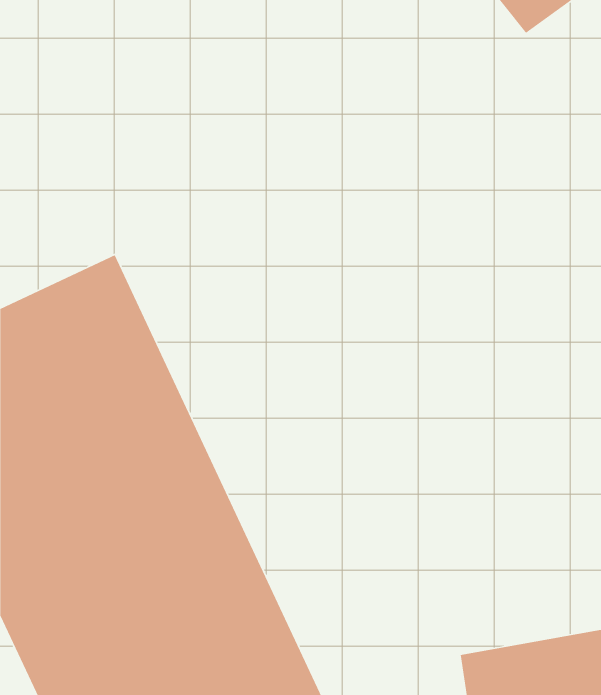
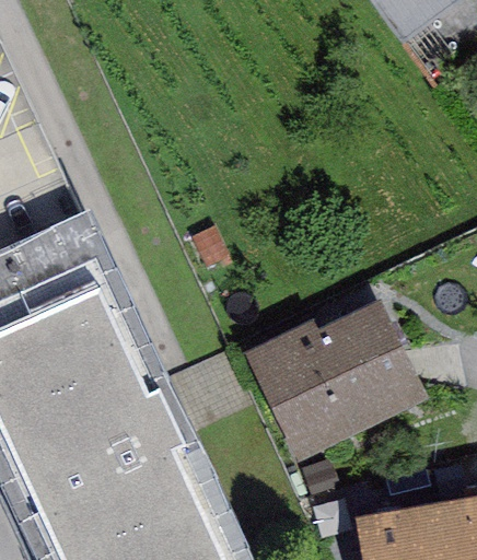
building: none -> [244,301,426,460]

